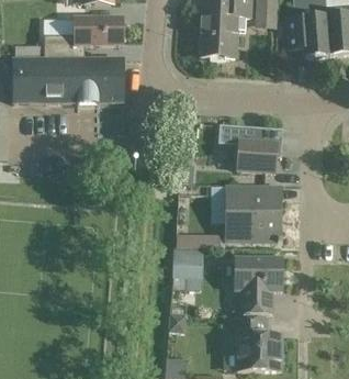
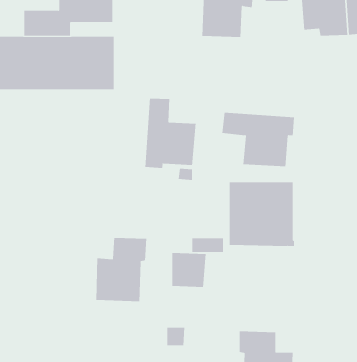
building: none -> [145,98,196,169]
building: none -> [96,237,147,302]
building: [235,257,281,312] -> none

